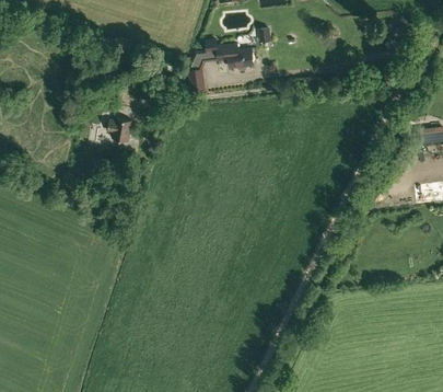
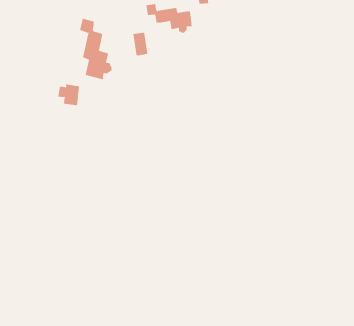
building: none -> [80,18,112,80]

